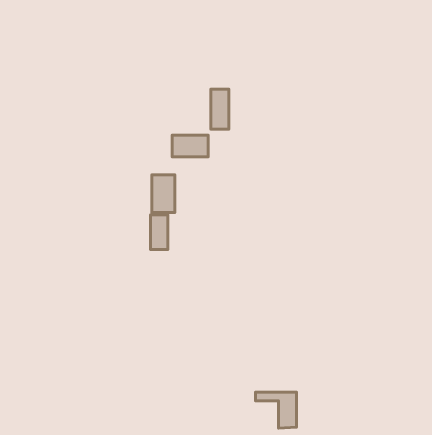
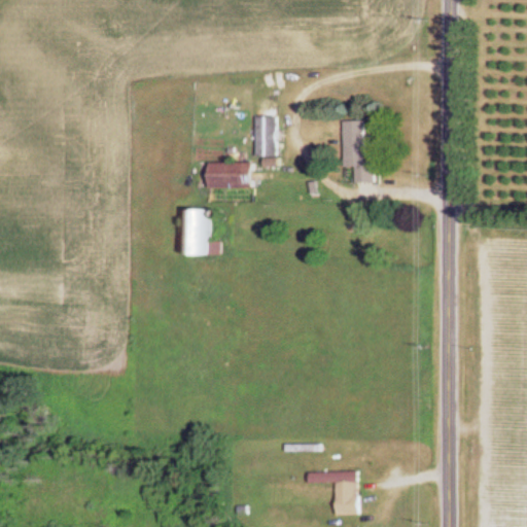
building: none -> [341,121,373,183]
building: [150,215,168,250] -> none

